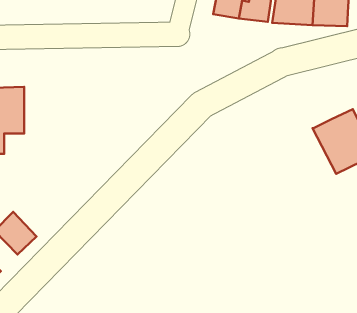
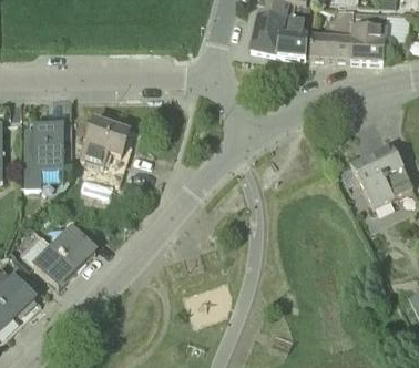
building: none -> [81,117,134,164]
building: none -> [52,225,94,268]

